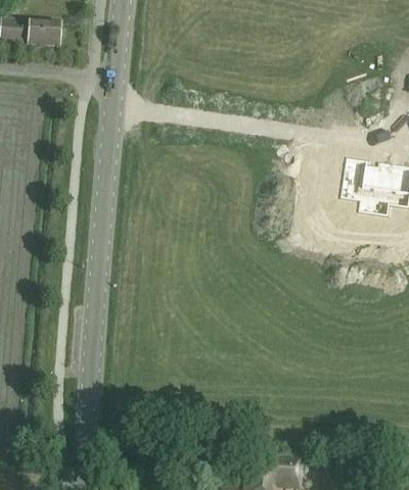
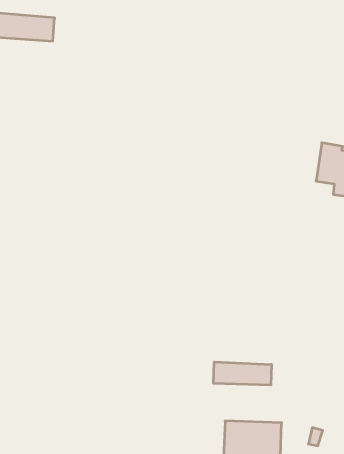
building: none -> [214,362,271,385]

